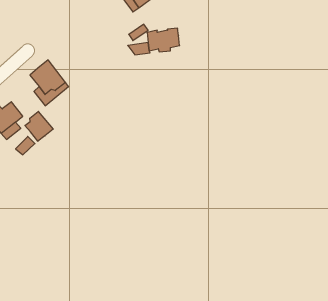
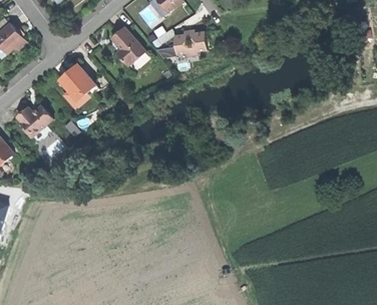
building: none -> [111,26,144,65]
building: [25,111,53,141] -> none

